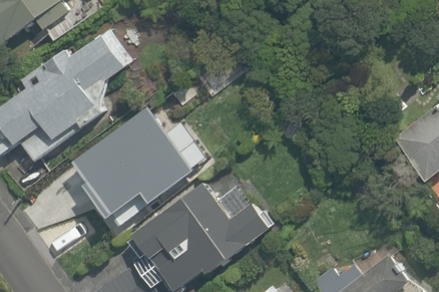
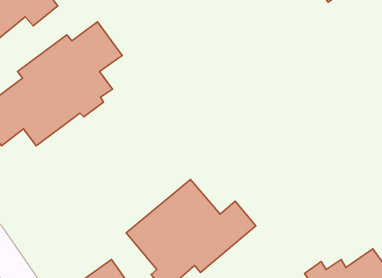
building: [75,109,193,225] -> none

